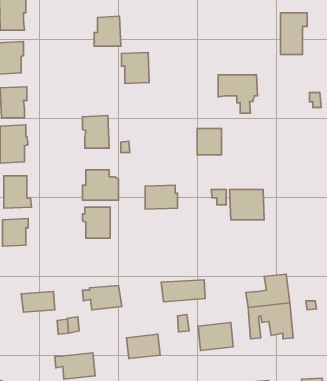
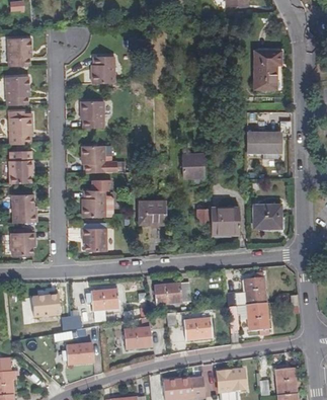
building: [121,52,149,84] -> [82,95,106,123]
building: [218,75,258,113] -> [247,130,281,163]
building: none -> [255,202,282,226]

